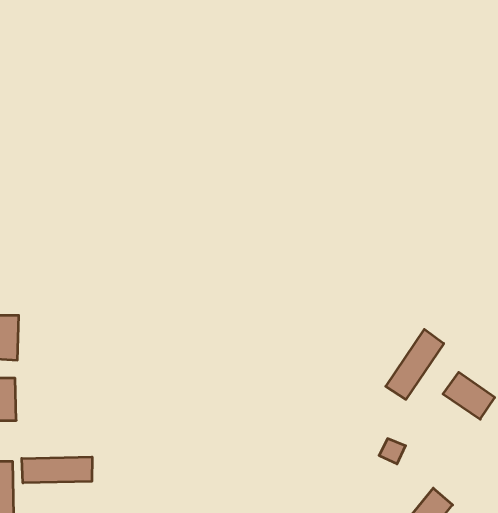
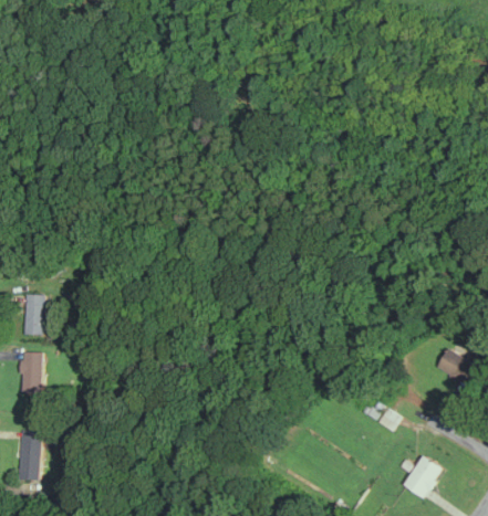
building: [386,329,444,399] -> none
building: [22,457,92,483] -> none

